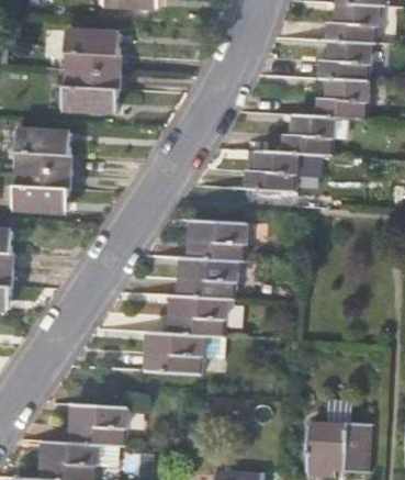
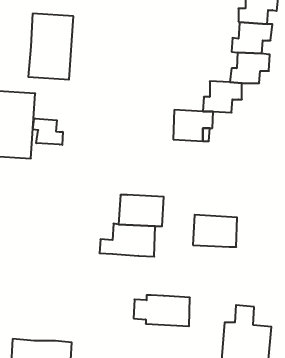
building: none -> [33,118,63,145]
building: [188,221,244,261] -> [193,215,237,247]
building: [131,333,202,372] -> [134,295,190,326]
building: [70,405,125,446] -> none

